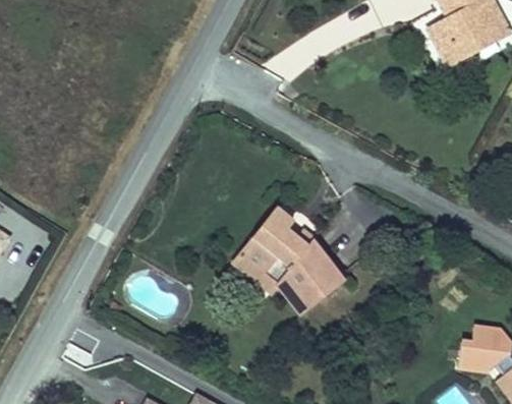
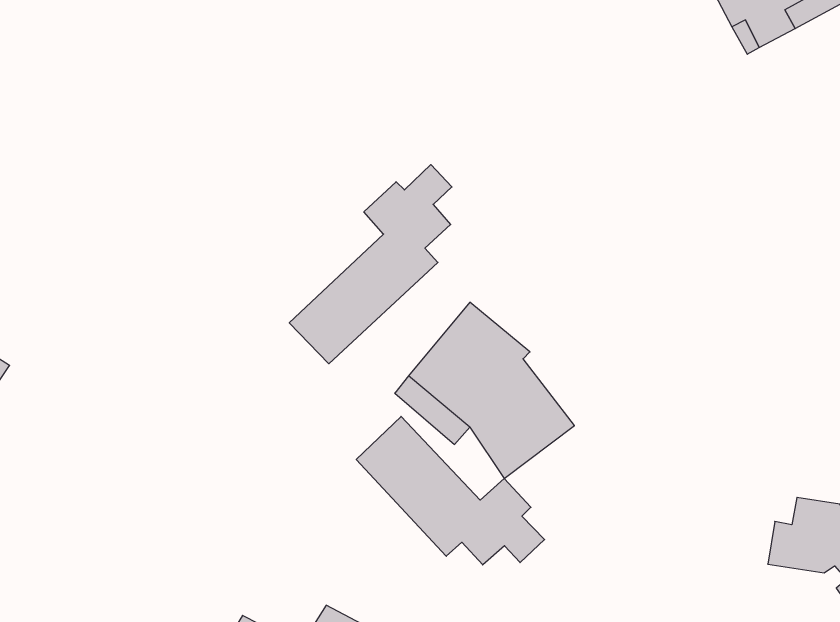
building: none -> [289,165,452,364]
building: none -> [356,416,545,565]

